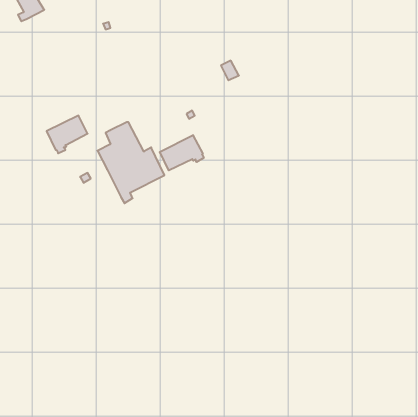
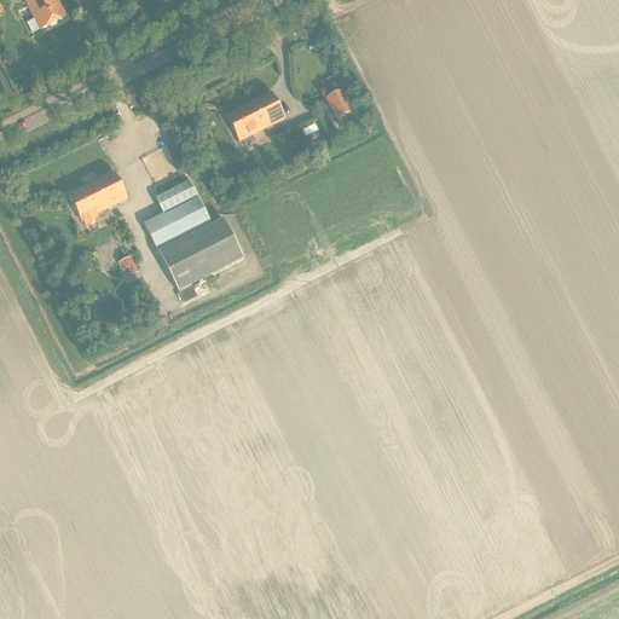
building: none -> [227,91,287,141]
building: [160,135,204,170] -> none

